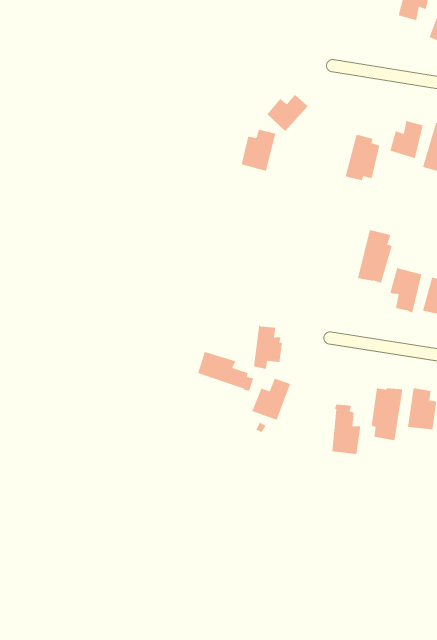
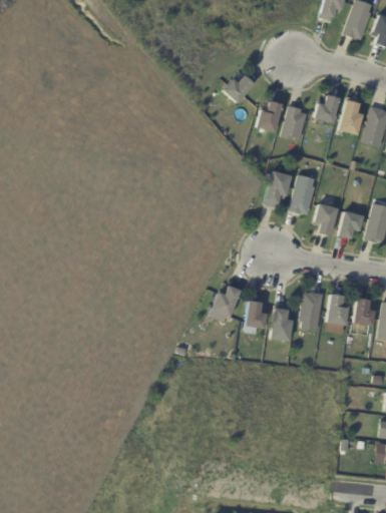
building: [241,128,276,171] -> [257,100,283,132]
building: none -> [264,171,292,207]
building: [253,325,283,369] -> [245,301,267,334]
building: [198,351,254,392] -> none

